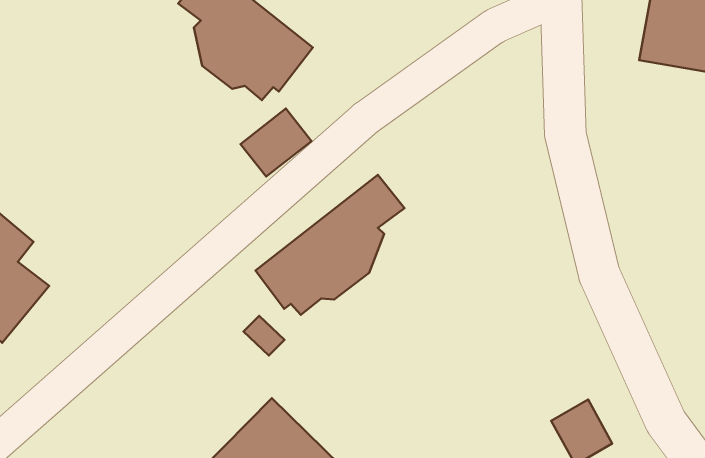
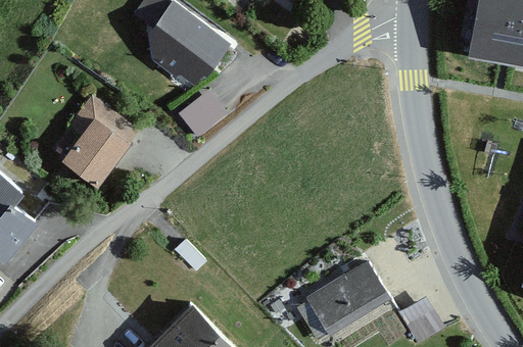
building: none -> [64,93,140,185]
building: [255,175,405,315] -> none
building: none -> [301,263,393,338]

